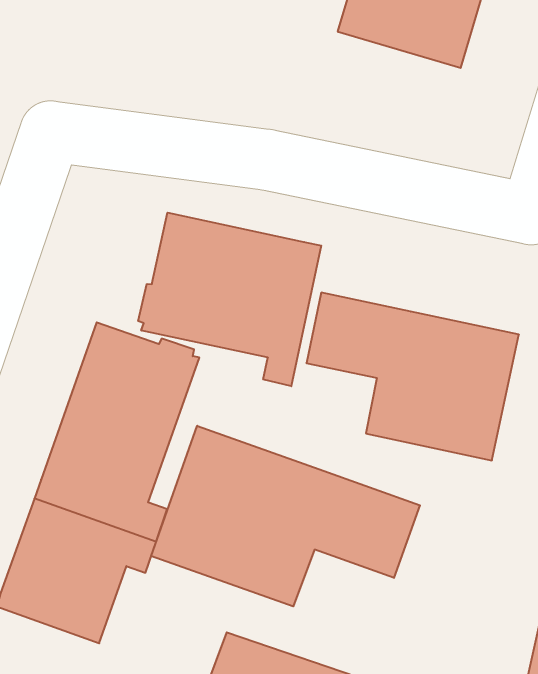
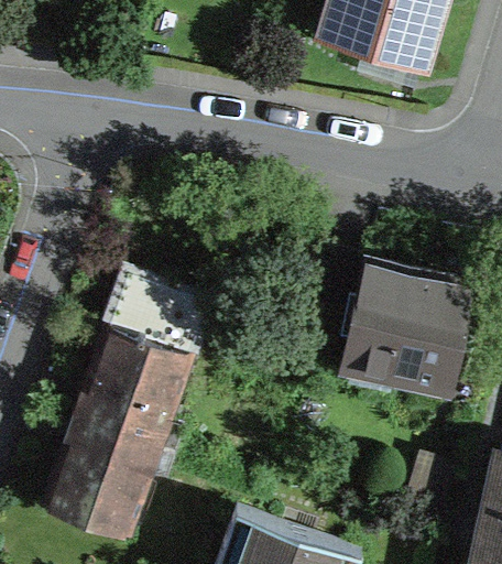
building: [138,213,321,386] -> none
building: [151,426,420,606] -> none

